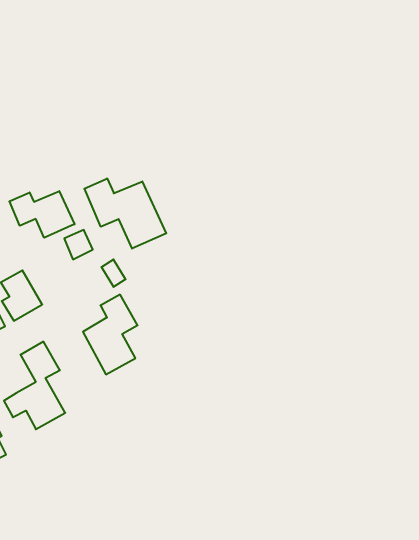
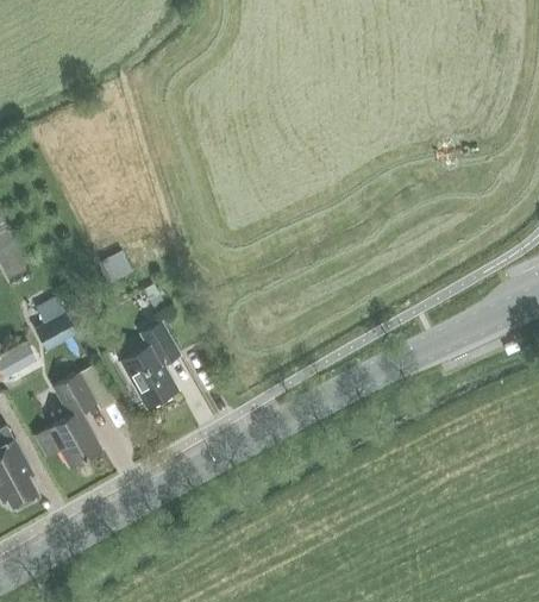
building: [84,178,166,249] -> none
building: [9,191,75,238] -> none

